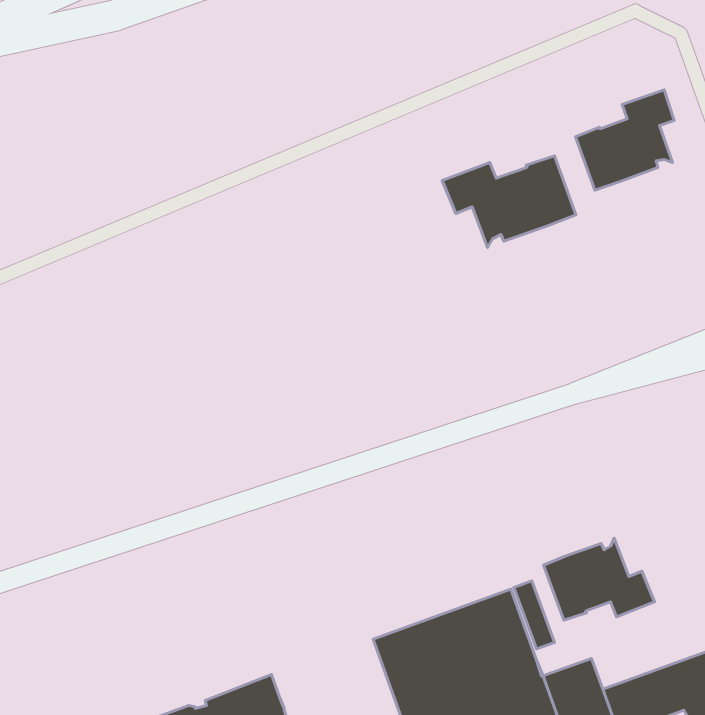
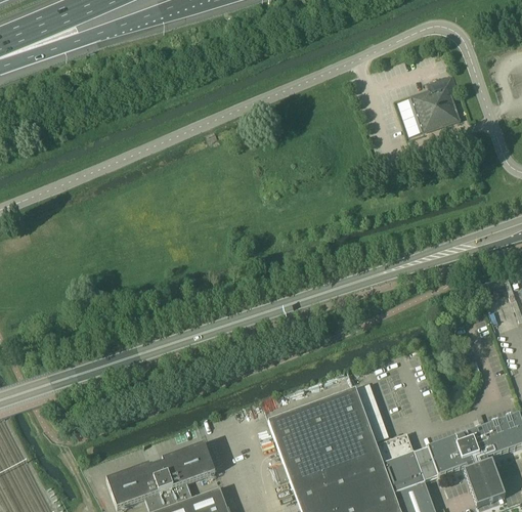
building: [442,156,576,248] -> none
building: [543,538,655,620] -> none

